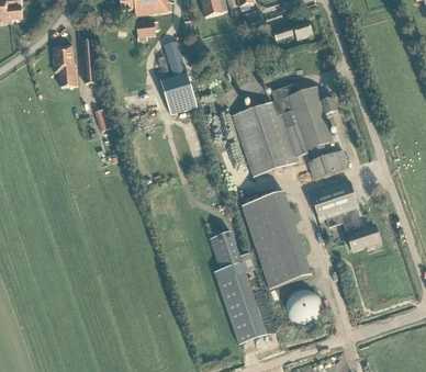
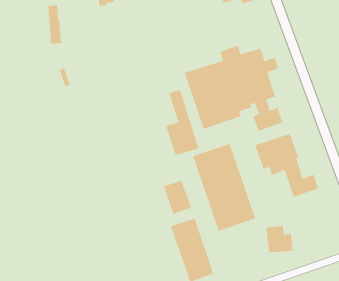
building: [160,42,198,115] -> [165,89,199,156]
building: [52,44,77,87] -> none
building: [285,292,316,323] -> [265,225,294,253]

